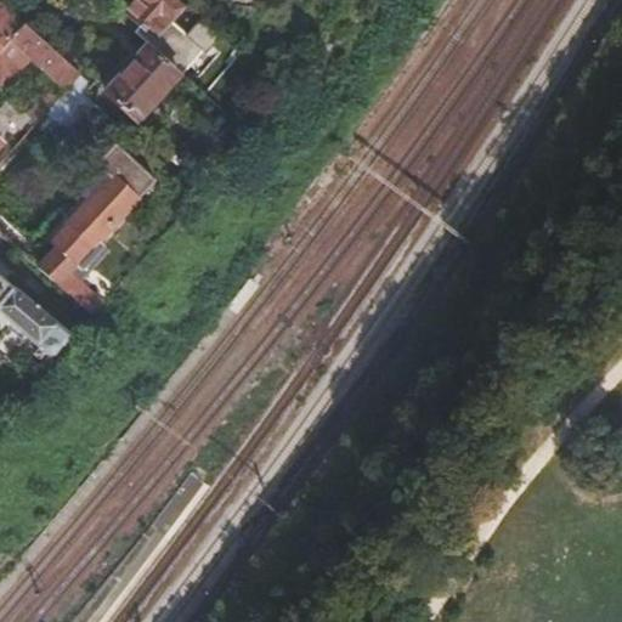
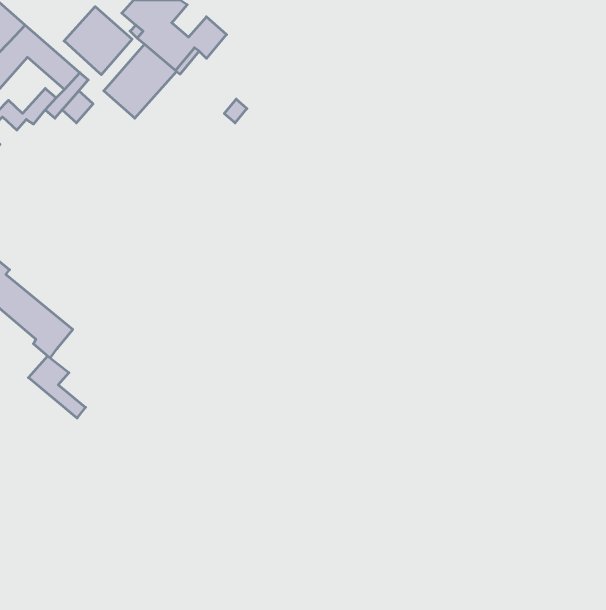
building: none -> [64,7,132,75]
building: [68,145,151,245] -> none
building: [38,247,96,310] -> [28,356,86,418]

